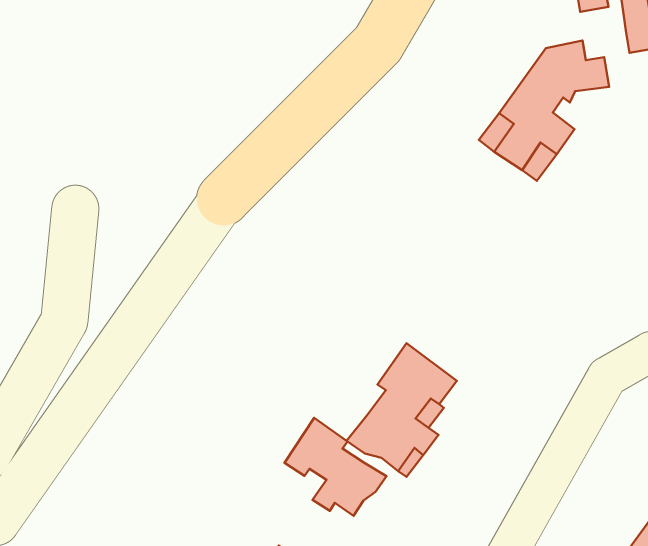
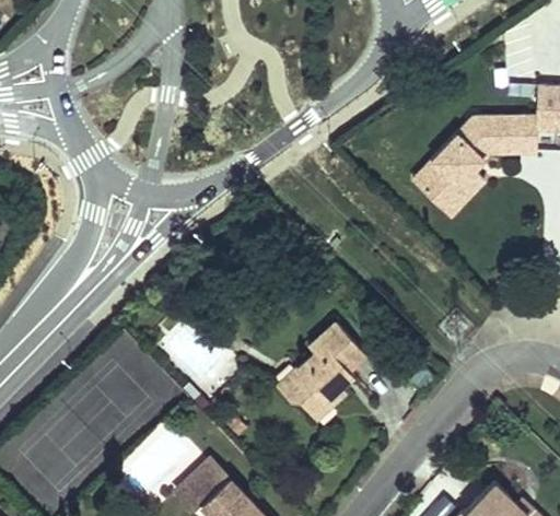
building: none -> [504,117,538,155]
building: [284,418,386,516] -> none

